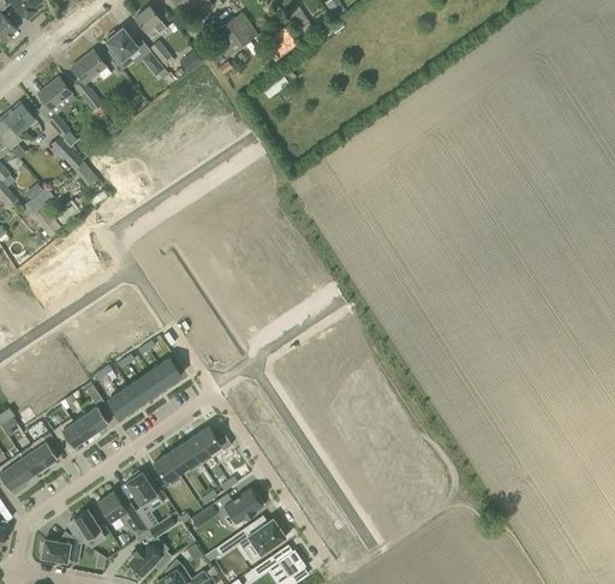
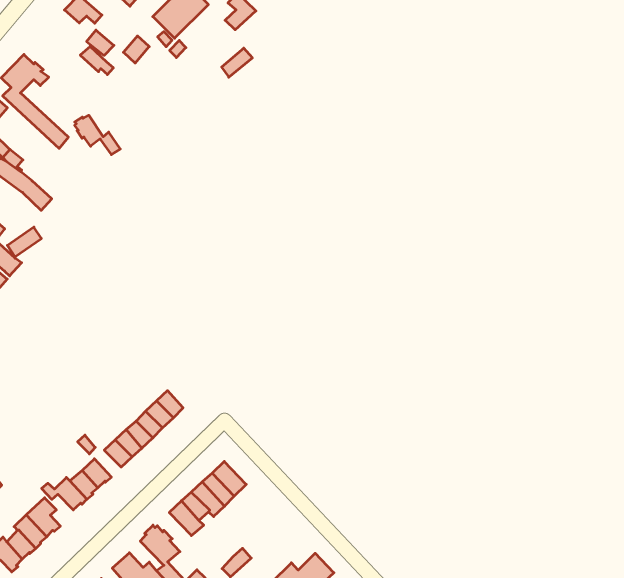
building: [105,28,138,70] -> none
building: none -> [75,115,120,155]
building: [223,489,263,524] -> none

